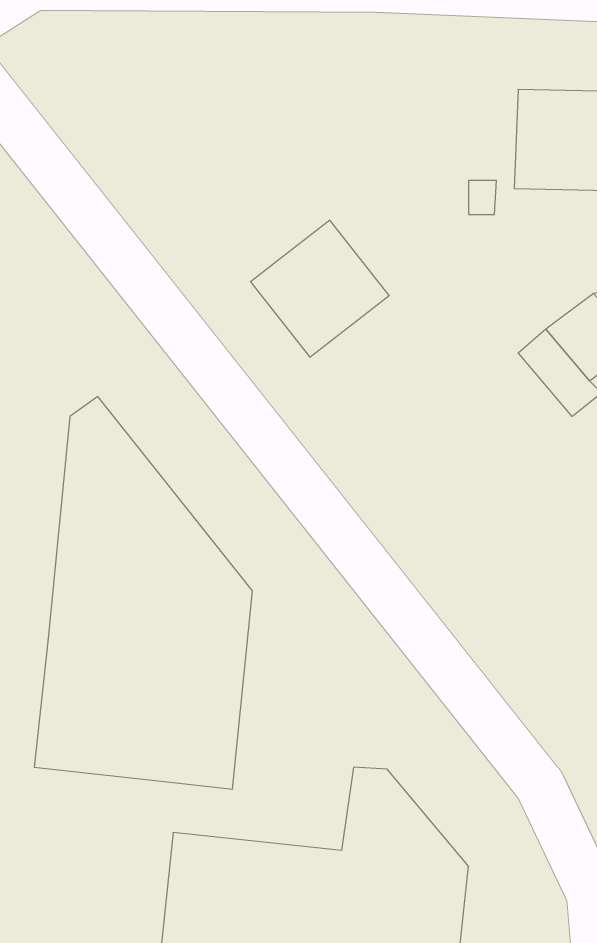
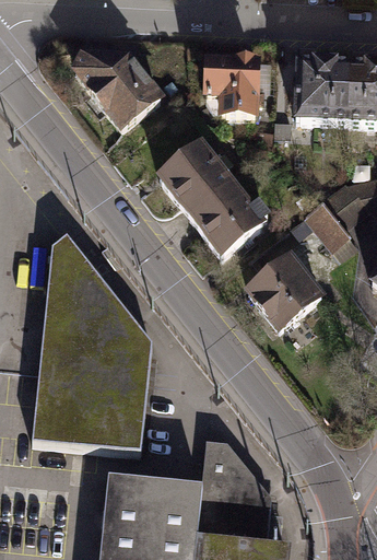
building: none -> [200,54,256,114]
building: none -> [76,55,160,127]
building: none -> [185,179,267,254]
building: none -> [243,250,318,325]

